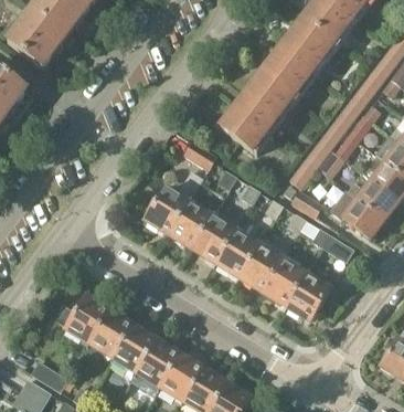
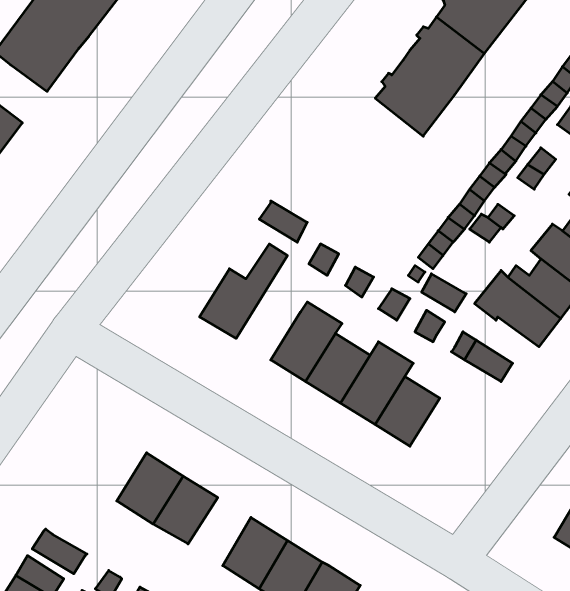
building: [220,73,293,151] -> none
building: [168,201,211,247] -> none
building: [284,273,329,320] -> none
building: [56,296,108,341] -> none
building: [129,339,178,394] -> none

